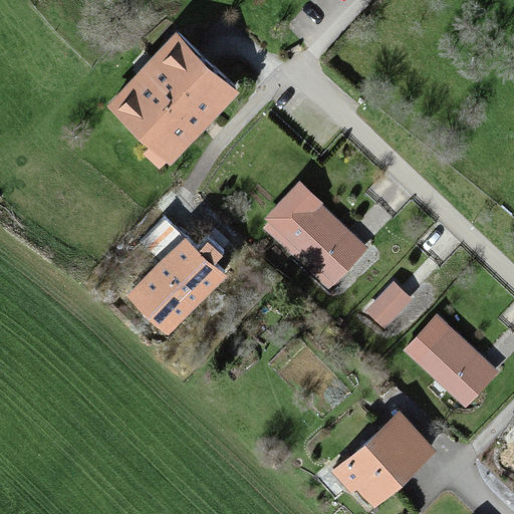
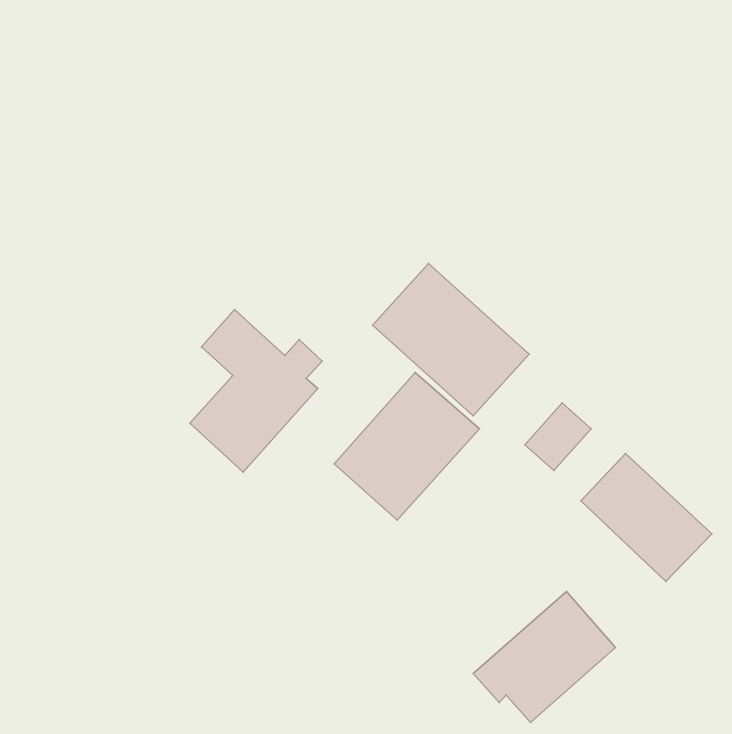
building: [104,38,231,168] -> none
building: none -> [334,373,480,520]

